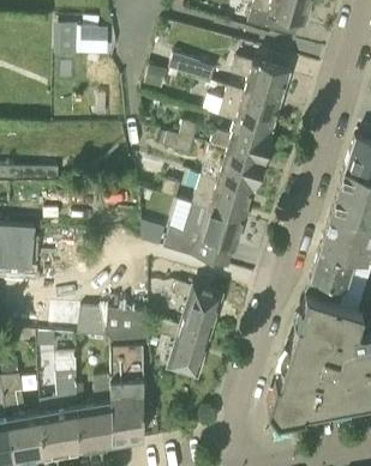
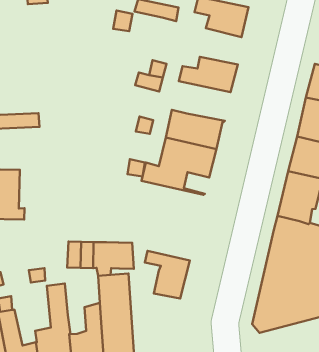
building: [219,86,280,132] -> none
building: [205,145,264,190] -> none
building: [164,282,221,335] -> none

